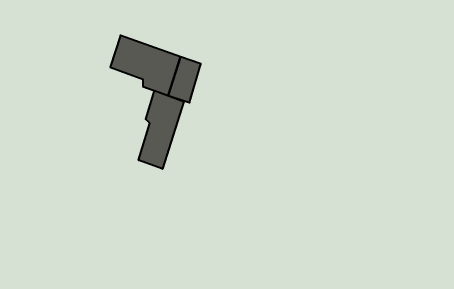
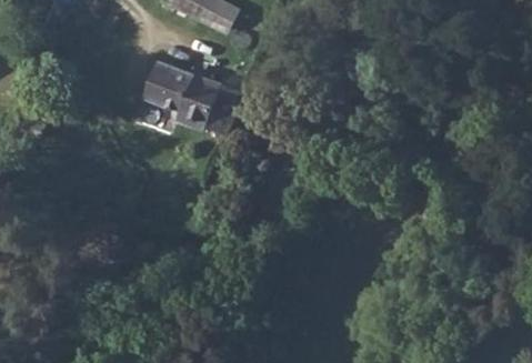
building: [139,91,184,169] -> none

